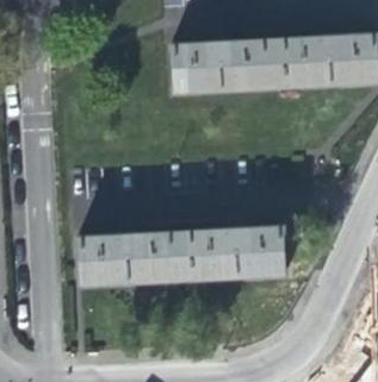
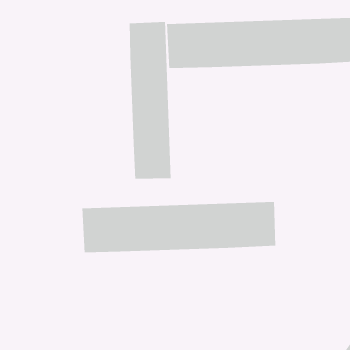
building: none -> [129,21,171,180]

